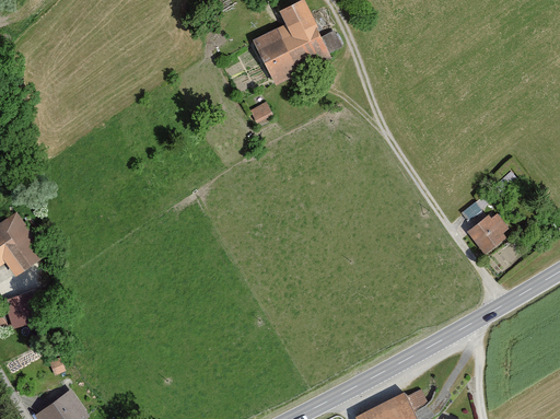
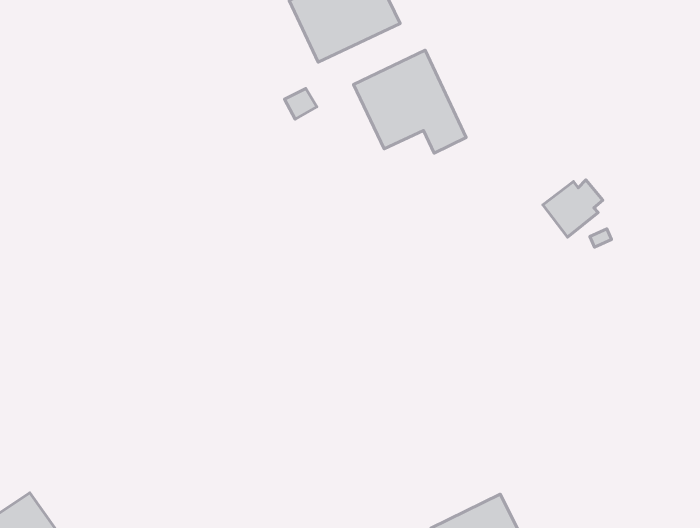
building: none -> [353,50,466,153]
building: [466,213,509,254] -> [543,180,603,237]

